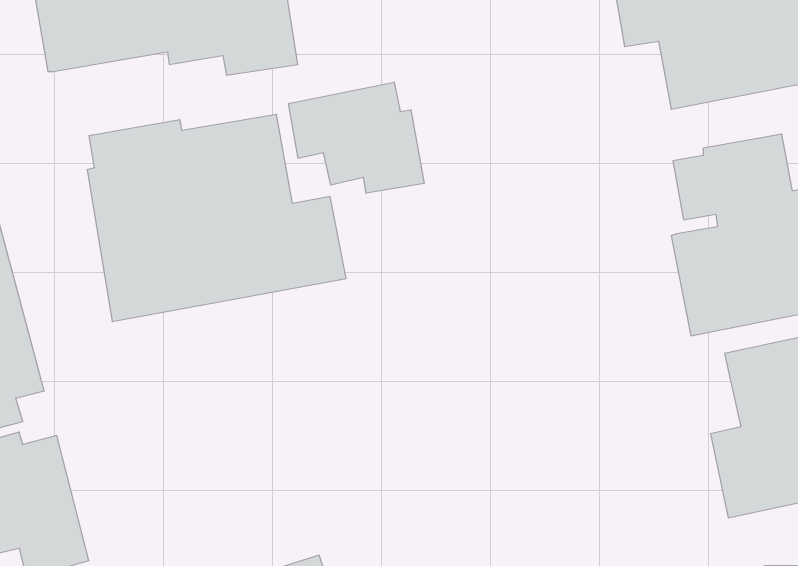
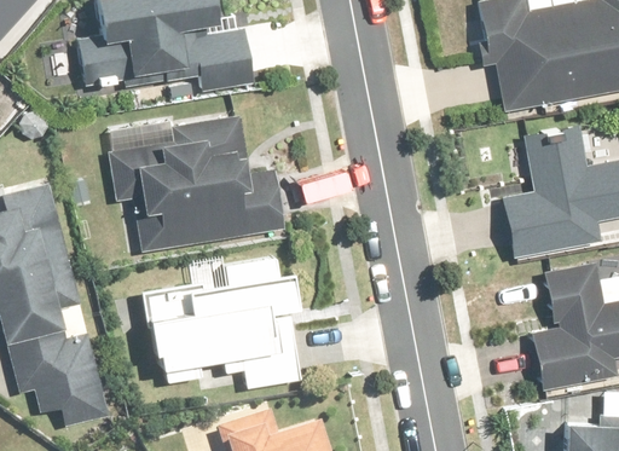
building: [289,82,424,193] -> none
building: none -> [149,262,301,388]

